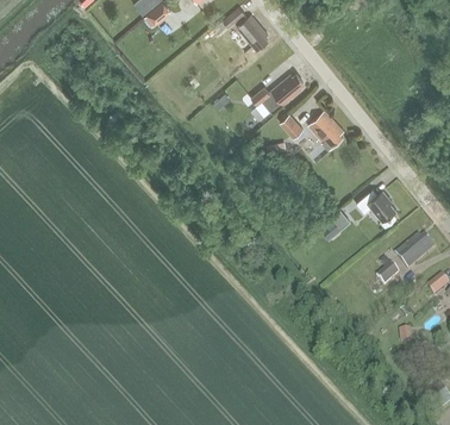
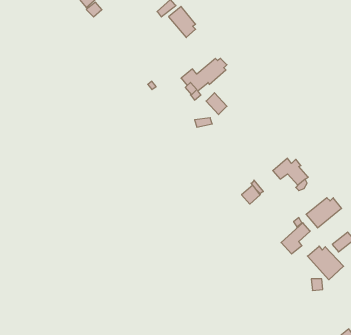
building: [307,110,344,150] -> none
building: none -> [307,246,344,280]

